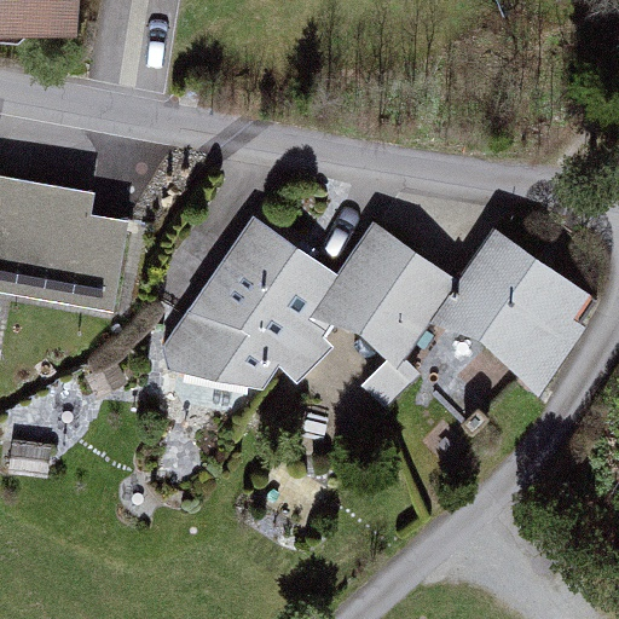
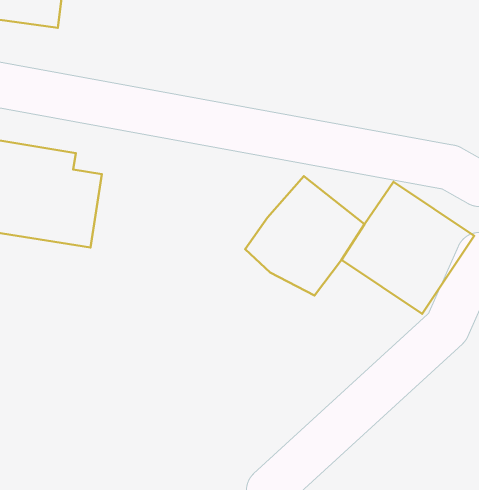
building: [156,219,340,399] -> none

